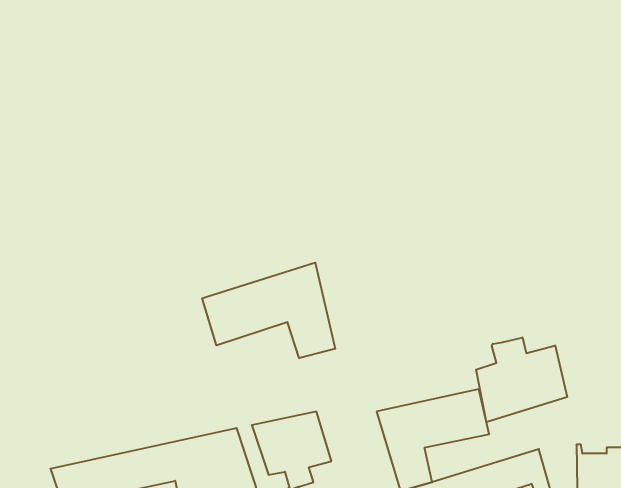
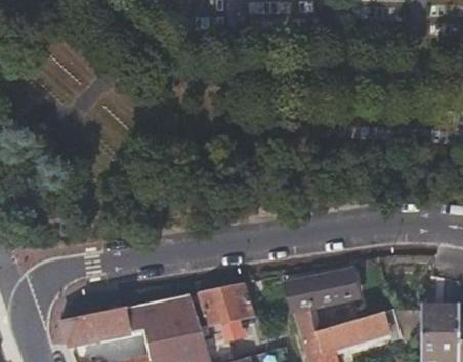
building: [202,263,335,358] -> none
building: [476,337,567,422] -> none

